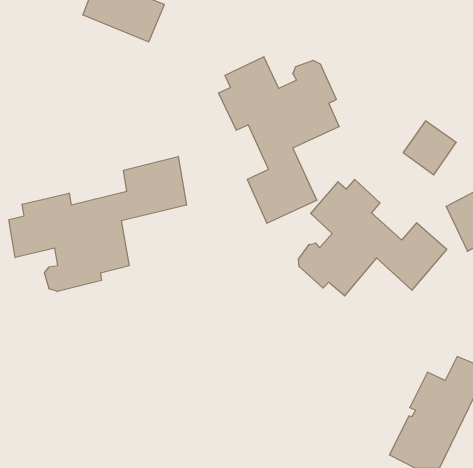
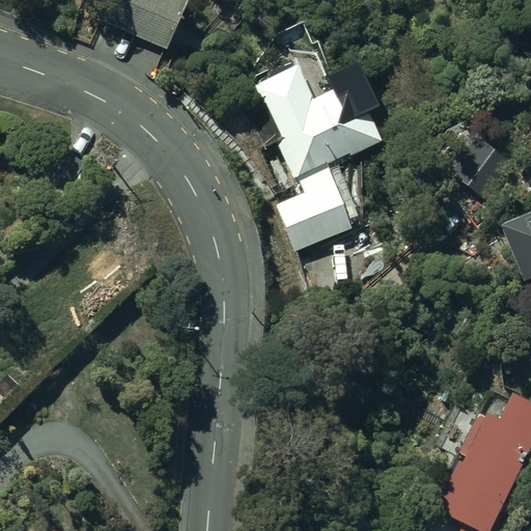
building: [9,156,187,292] -> none
building: [298,179,447,296] -> none

